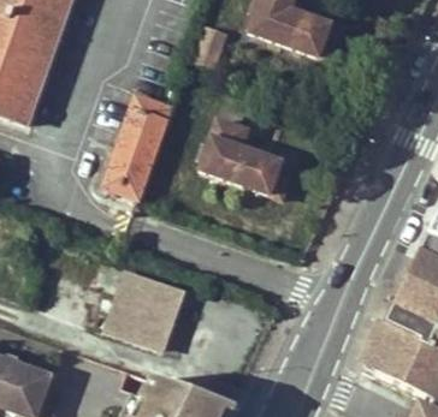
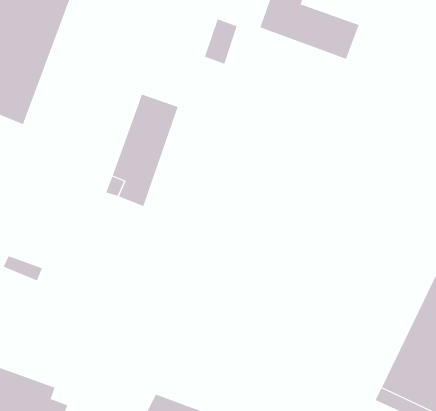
building: [197,119,290,201] -> none
building: [103,269,180,346] -> none

